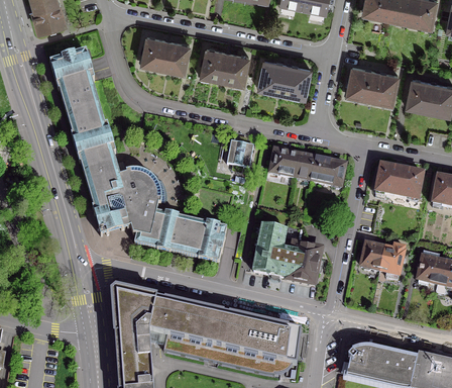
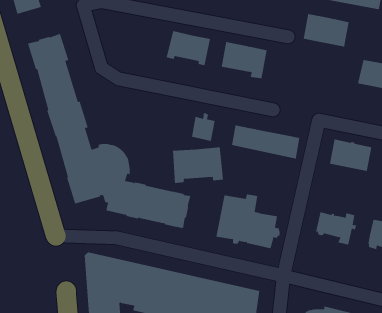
building: [141,35,189,74] -> none
building: [347,66,398,102] -> [303,14,350,47]
building: none -> [173,147,223,184]

